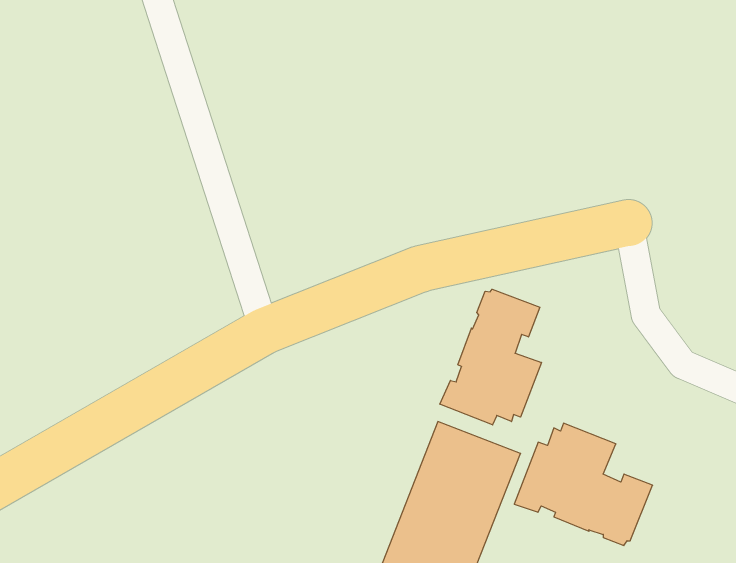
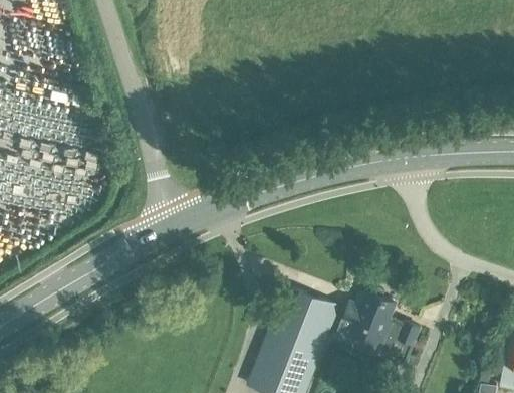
building: [440,289,541,425] -> none

